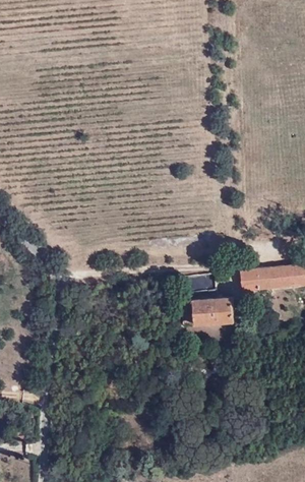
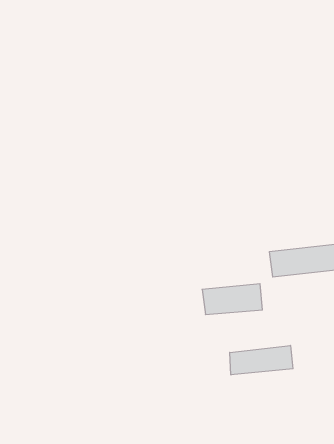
building: none -> [230,345,293,375]

